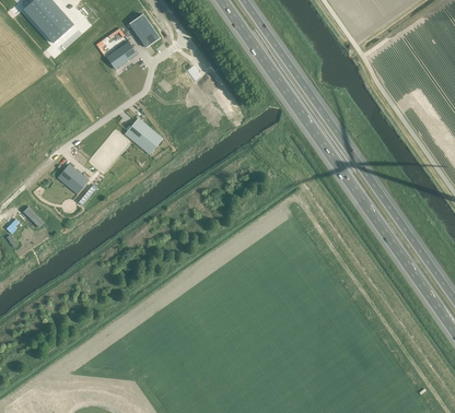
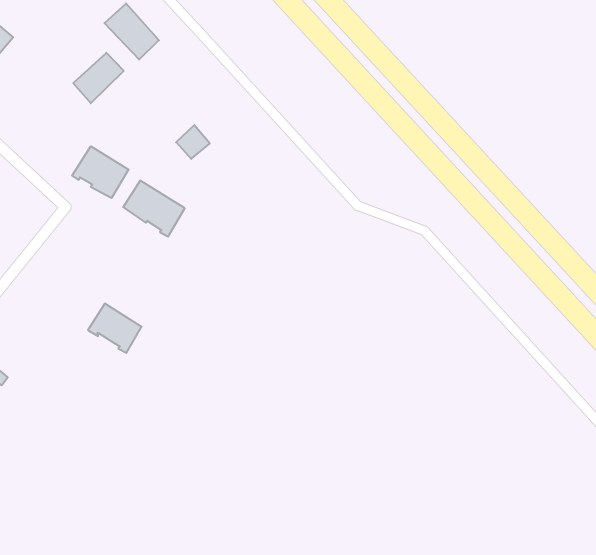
building: none -> [72,146,129,198]
building: [56,163,88,193] -> [88,304,142,353]

